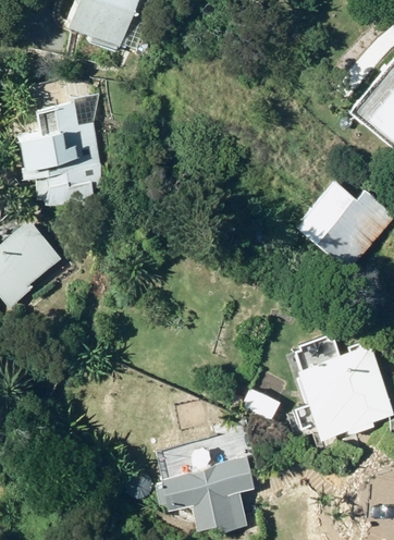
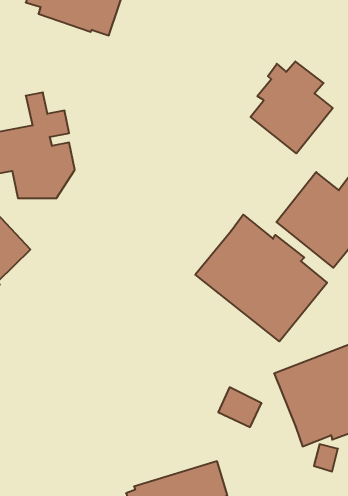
building: none -> [251,61,333,153]
building: none -> [195,215,327,341]

